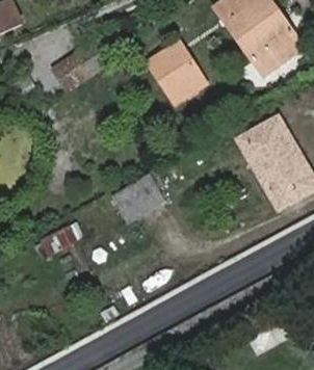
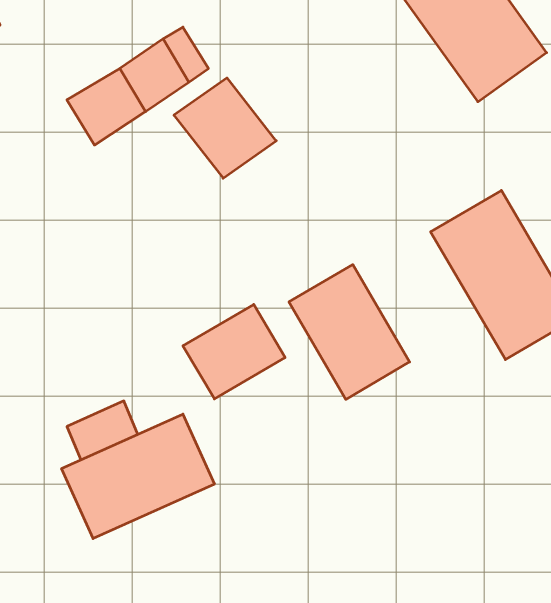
building: [147,41,201,94] -> [174,78,276,178]
building: none -> [289,265,410,399]
building: none -> [62,414,214,539]

